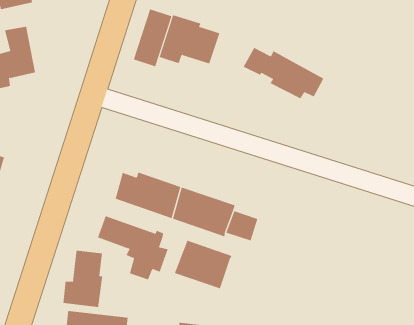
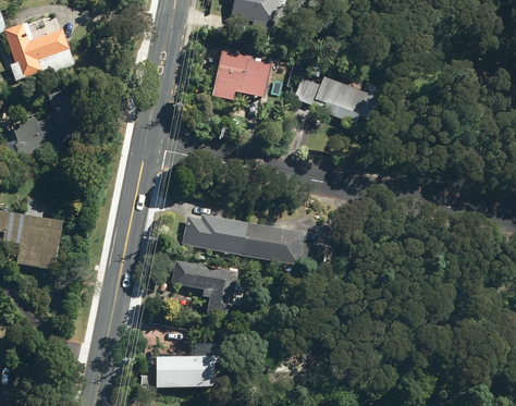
building: [133,8,172,67] -> none
building: [174,240,232,289] -> none
building: [63,250,103,308] -> none

